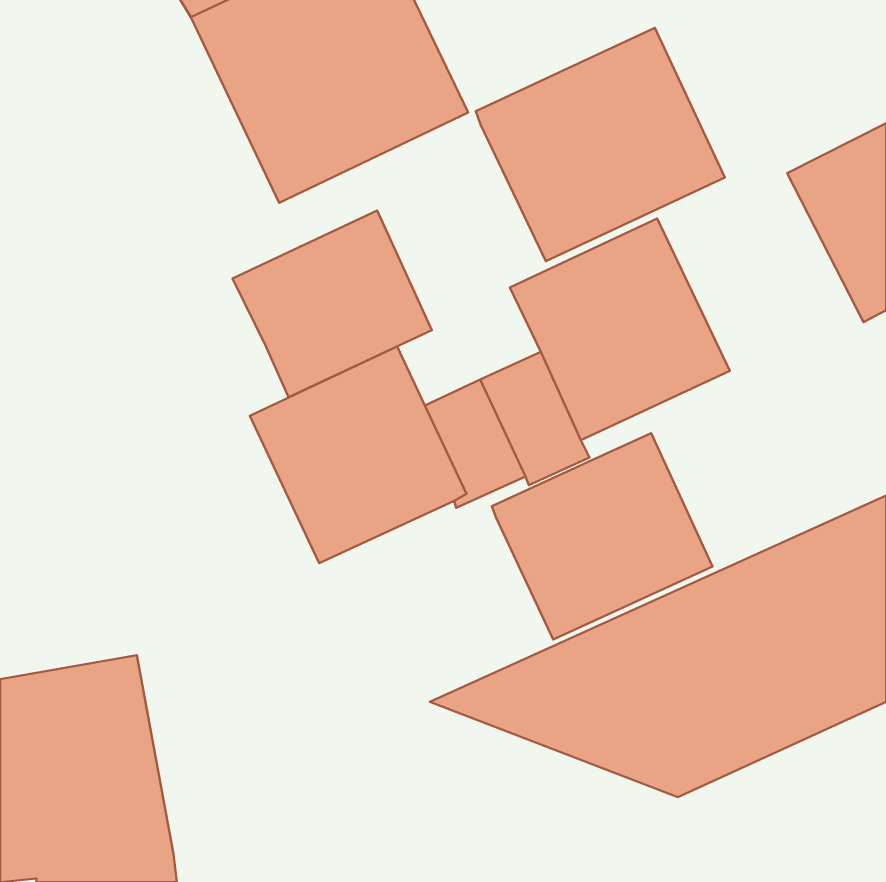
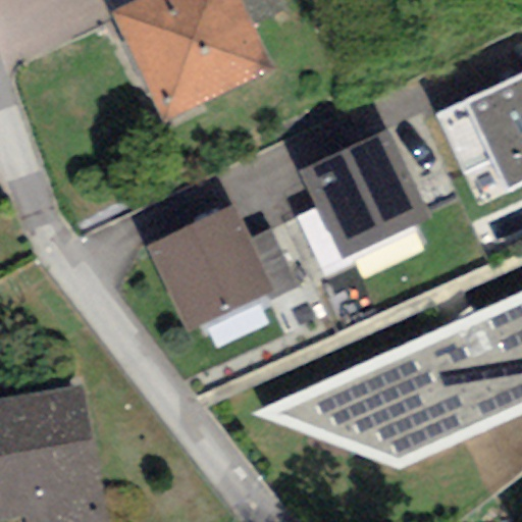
building: [476,28,725,261] -> none
building: [233,210,432,397] -> none
building: [492,433,712,640] -> none

